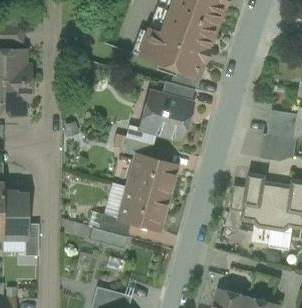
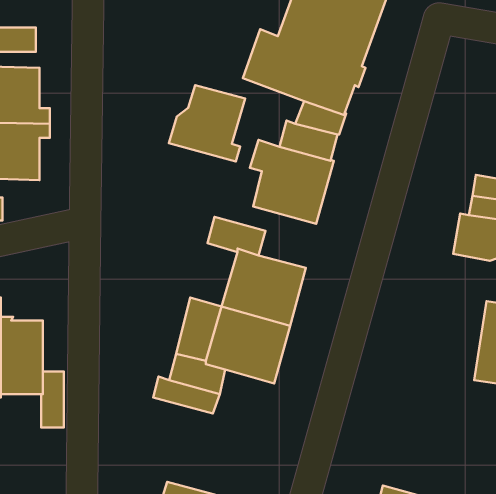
building: none -> [169,85,245,162]
building: [241,173,278,229] -> none

